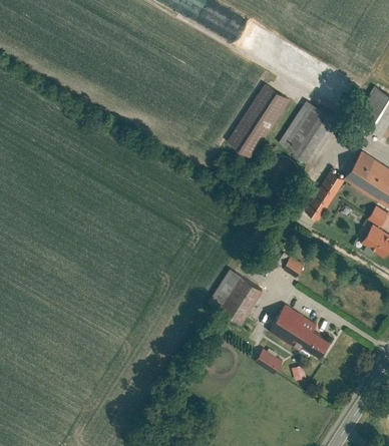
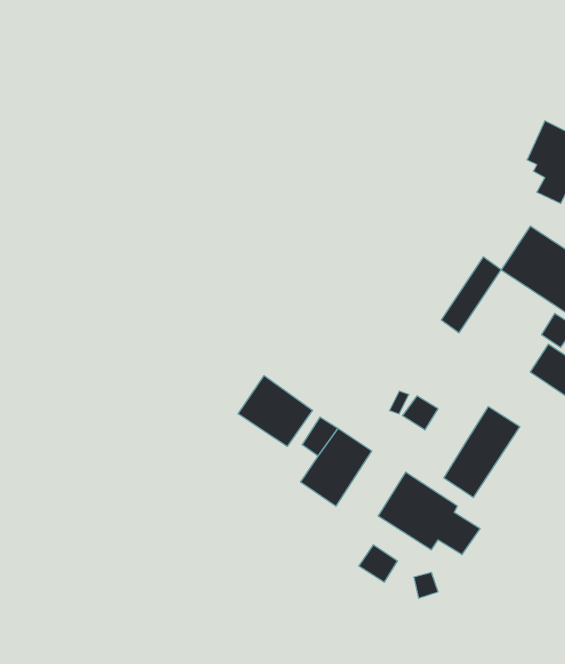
building: [228,83,289,157] -> none
building: [278,100,337,163] -> none
building: none -> [238,376,312,446]
building: none -> [444,407,520,497]

